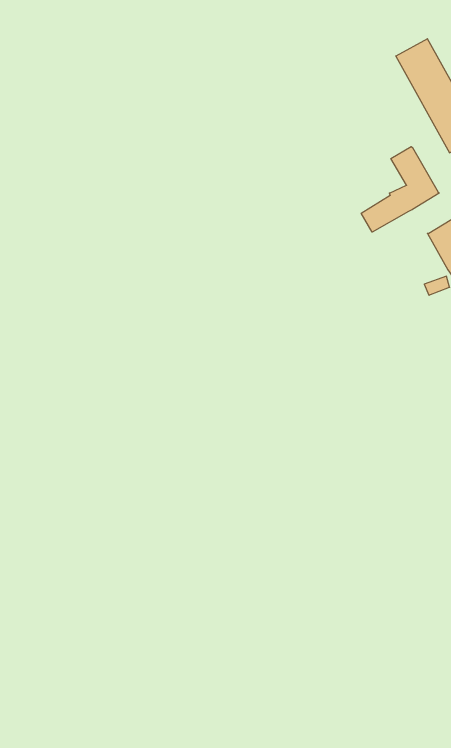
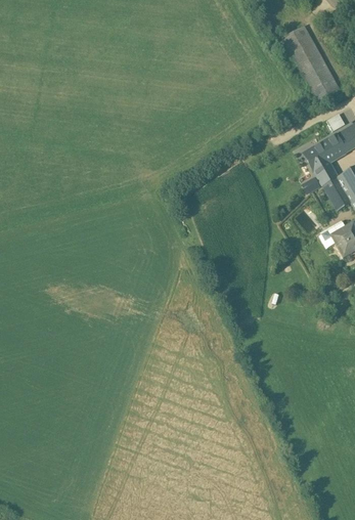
building: [361,147,439,232] -> none

